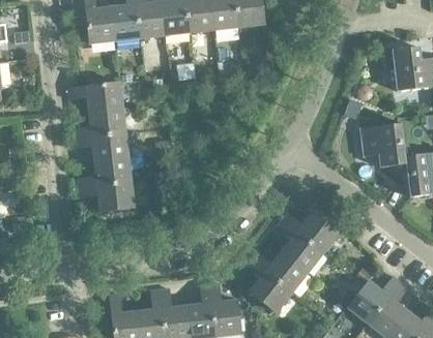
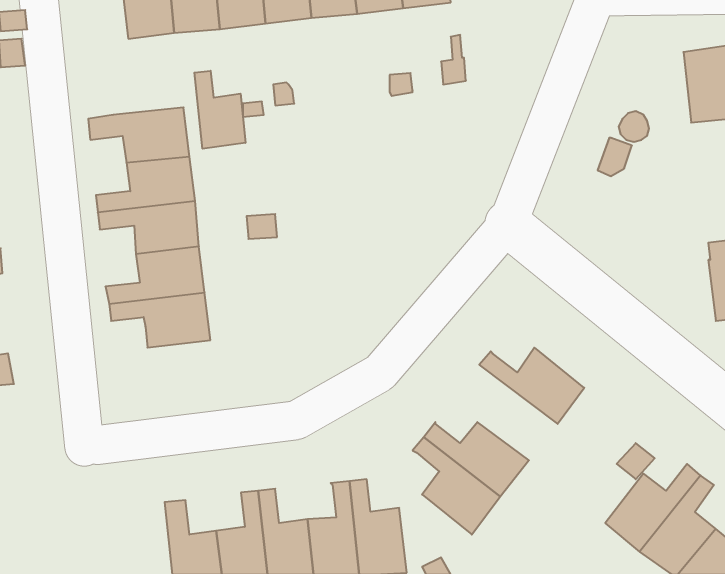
building: none -> [194,71,245,149]
building: [359,124,406,167] -> none
building: [276,221,323,273] -> none

